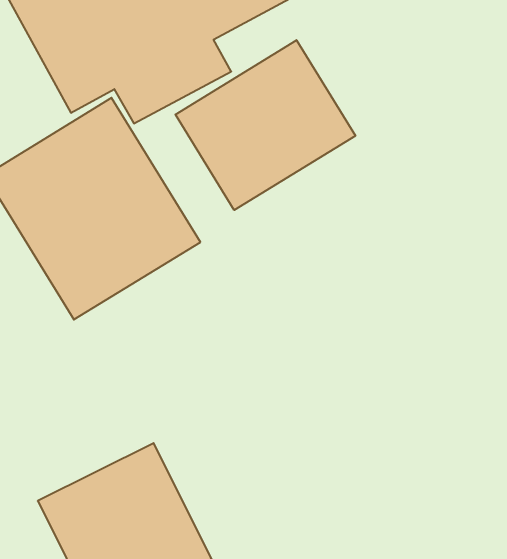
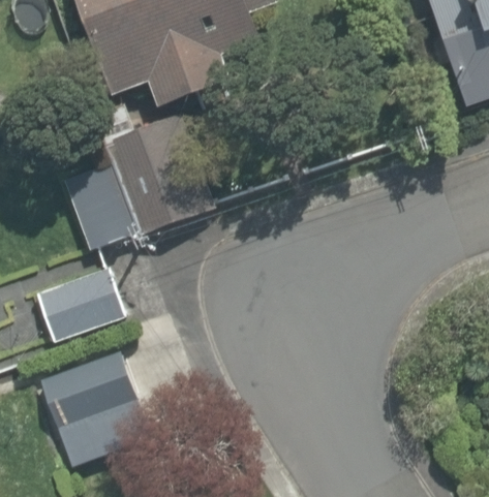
building: [175,40,355,210] -> none
building: none -> [33,252,143,346]

